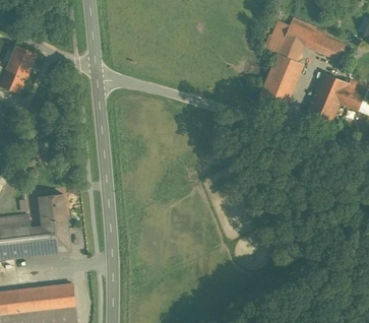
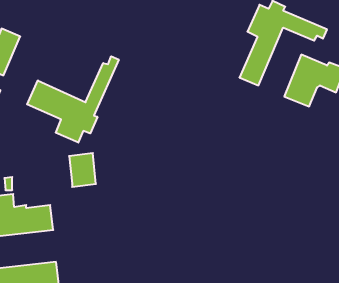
building: none -> [27,56,119,143]
building: [39,194,66,229] -> [69,153,96,187]

